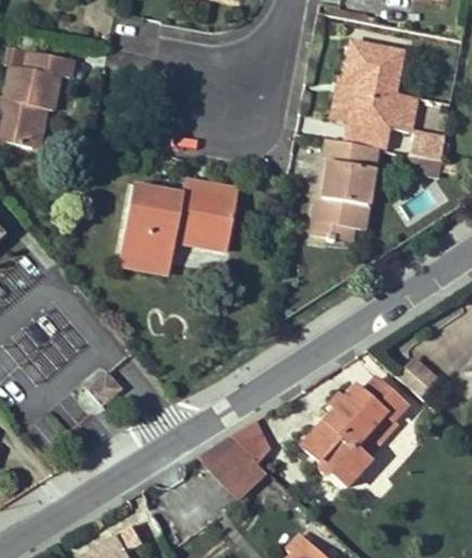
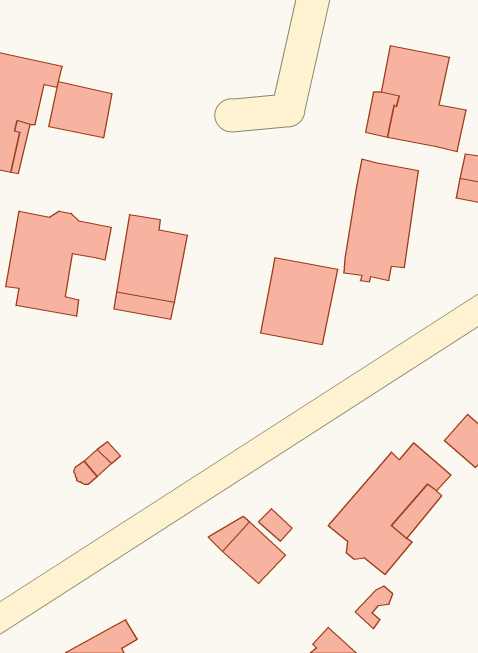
building: none -> [49,82,112,138]
building: [342,119,392,149] -> none
building: [174,178,240,251] -> [260,258,338,344]
building: none -> [6,211,111,316]

